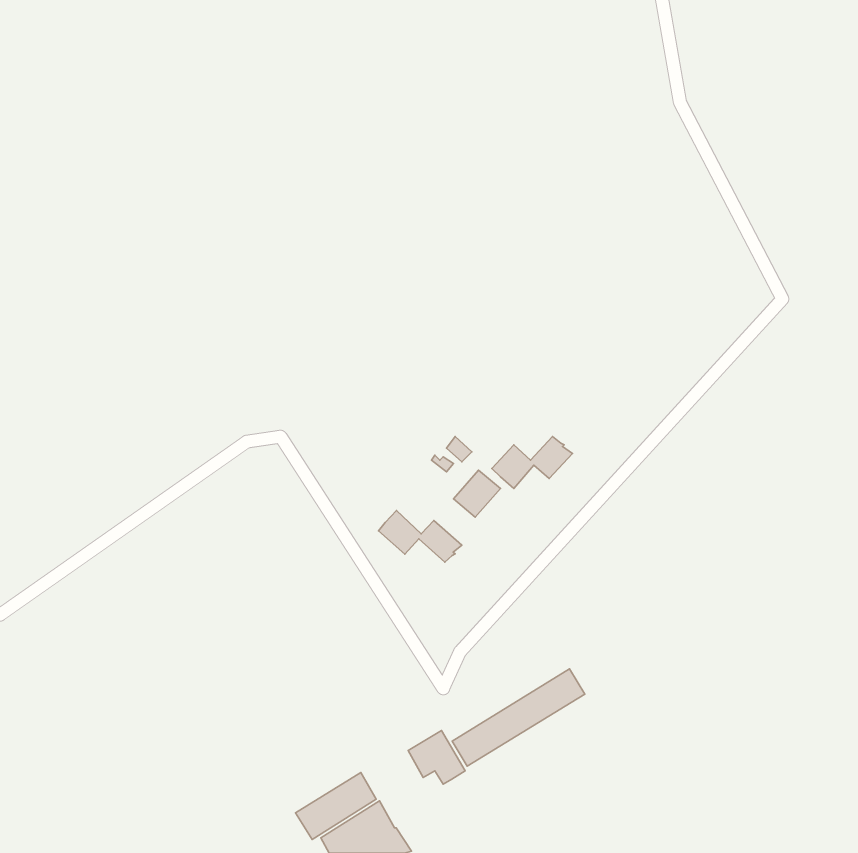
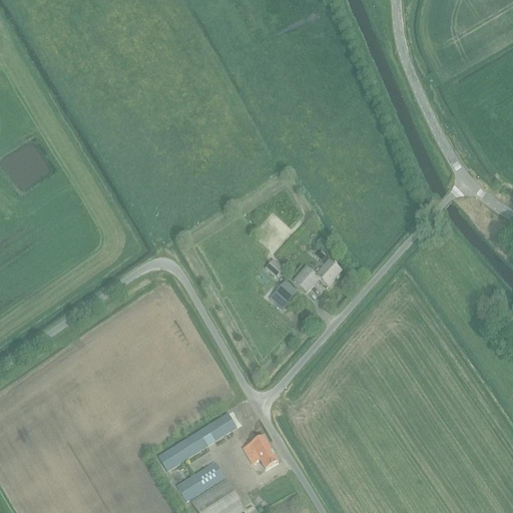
building: [379,511,462,562] -> none
building: [452,669,585,766] -> [157,412,236,470]

